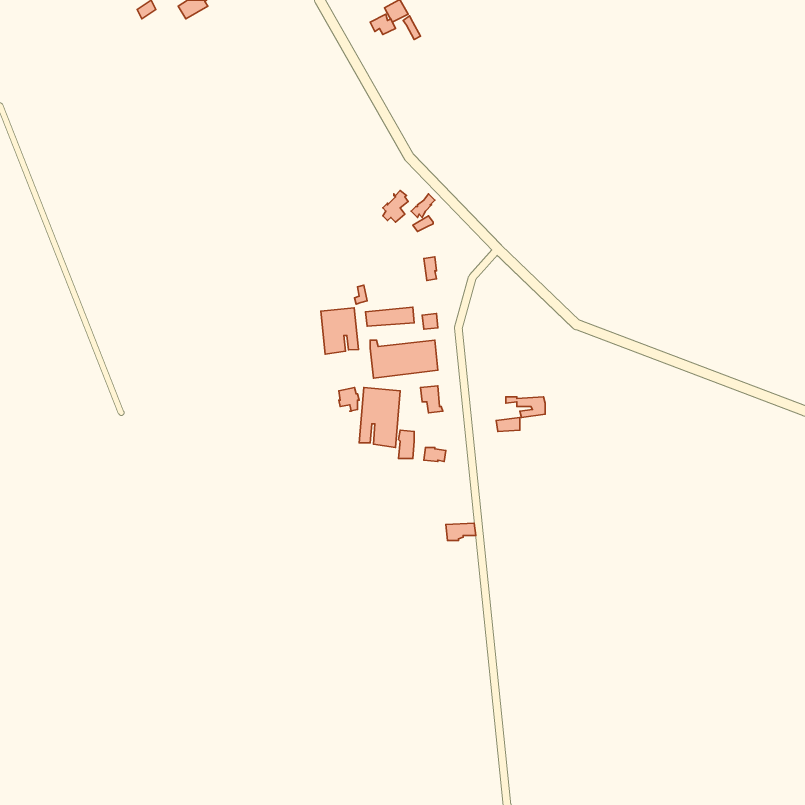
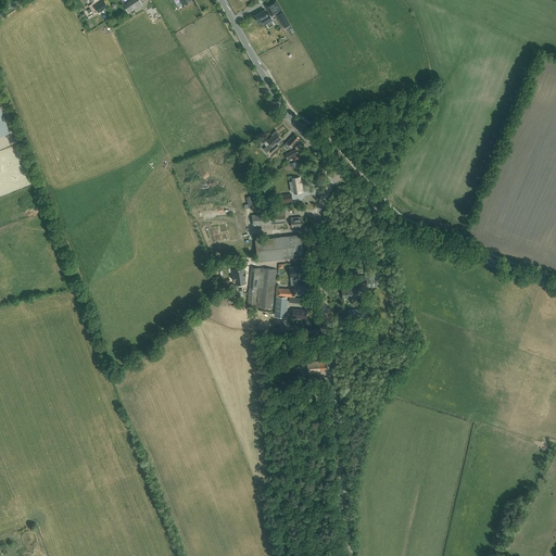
building: [321,308,359,354] -> none

